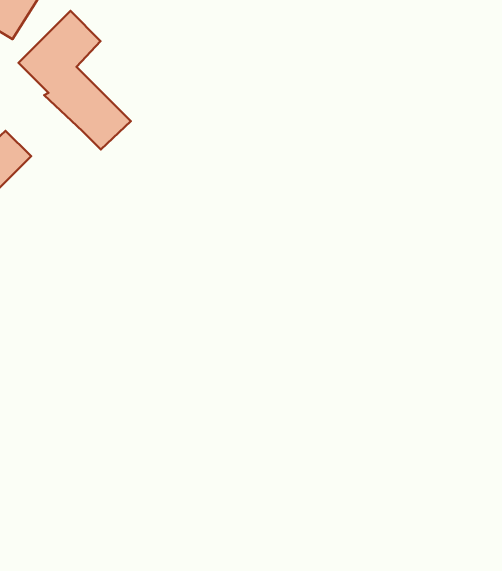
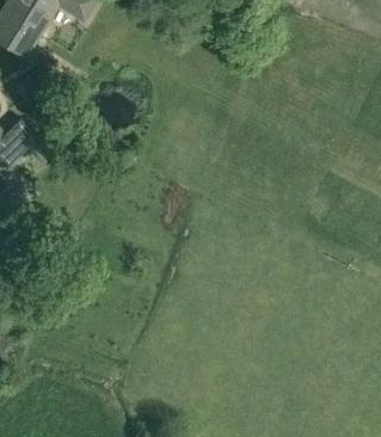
building: [18,11,131,149] -> none

